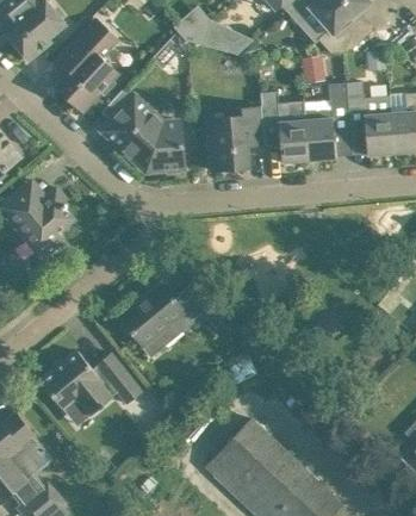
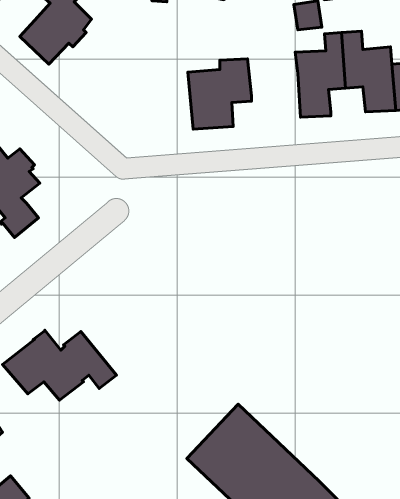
building: [101,87,185,175] -> none
building: [261,91,309,162] -> none
building: [119,284,225,349] -> none

